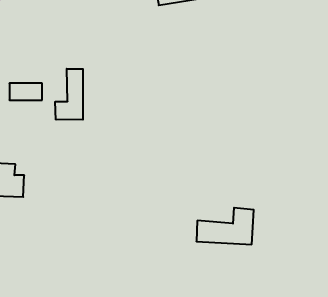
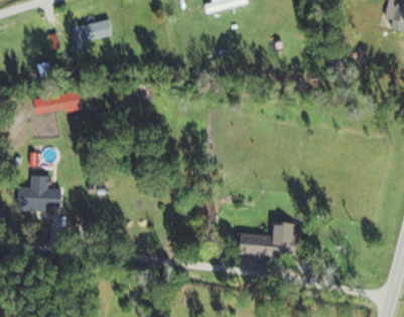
building: none -> [77,20,112,42]
building: [55,69,83,120] -> none

